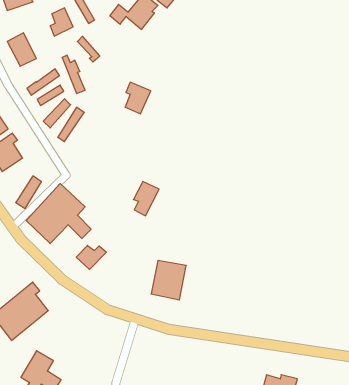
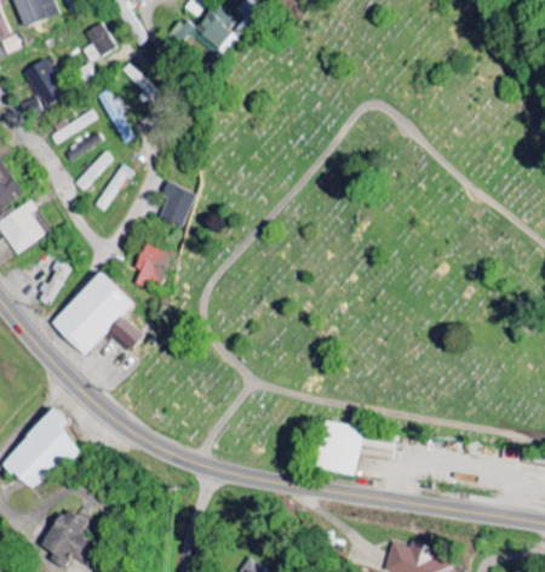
building: [125,82,151,114] -> [159,181,195,225]
building: [133,182,159,216] -> [133,241,170,290]
building: [76,245,106,270] -> none
building: [151,260,186,300] -> [314,419,363,475]

